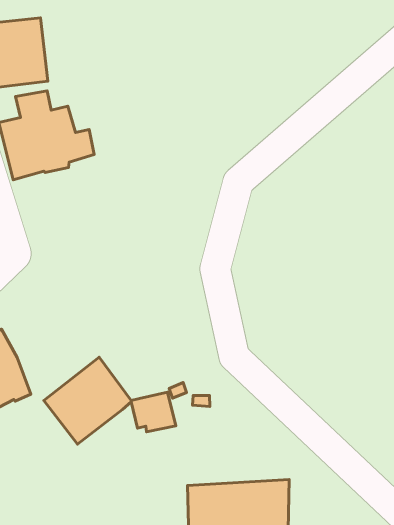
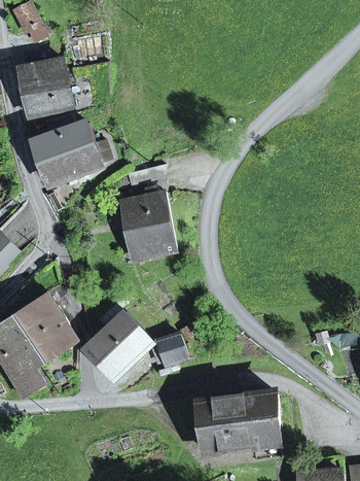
building: none -> [125,165,176,259]

